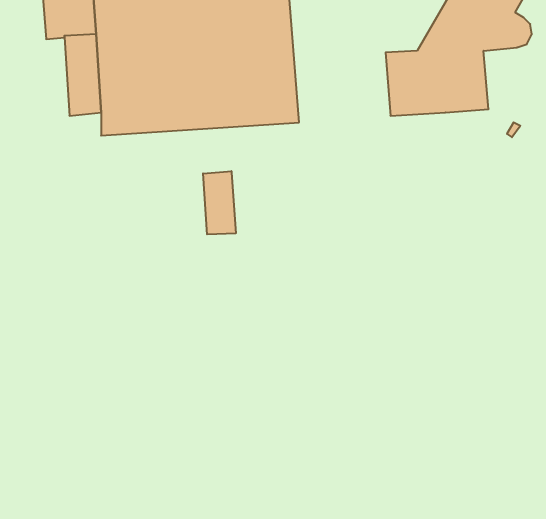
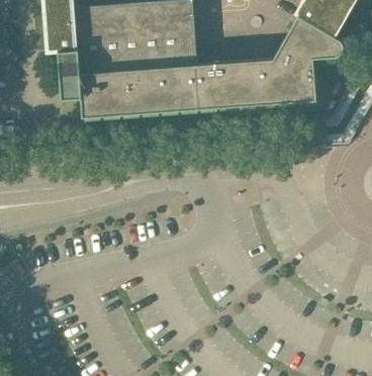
building: none -> [215,61,258,102]
building: [203,171,236,234] -> none

